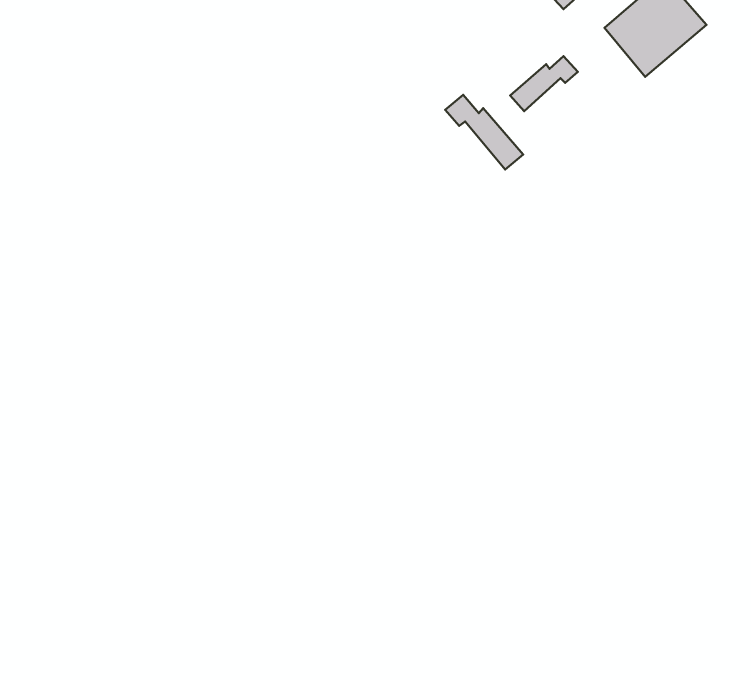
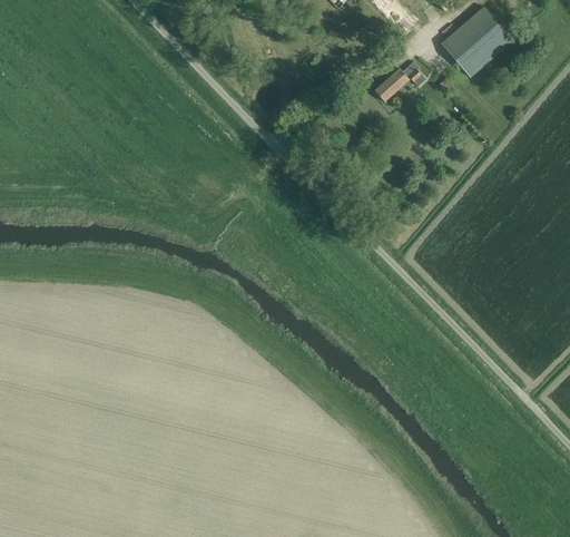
building: [445,95,523,169] -> none

